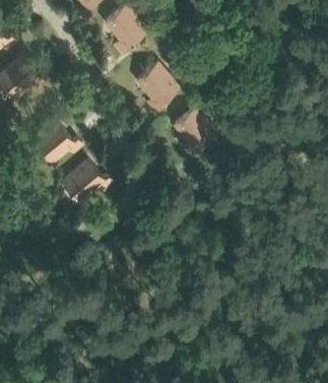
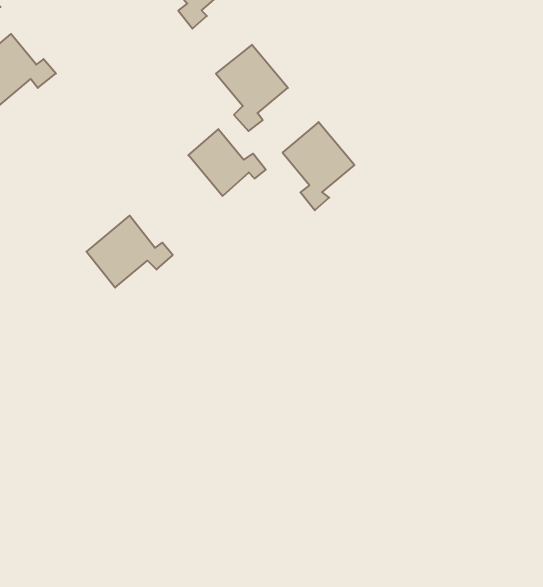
building: none -> [188,129,266,196]
building: [31,122,81,163] -> none

